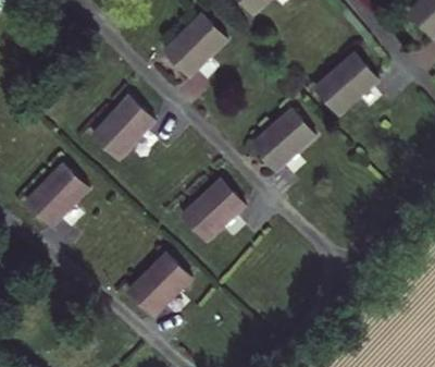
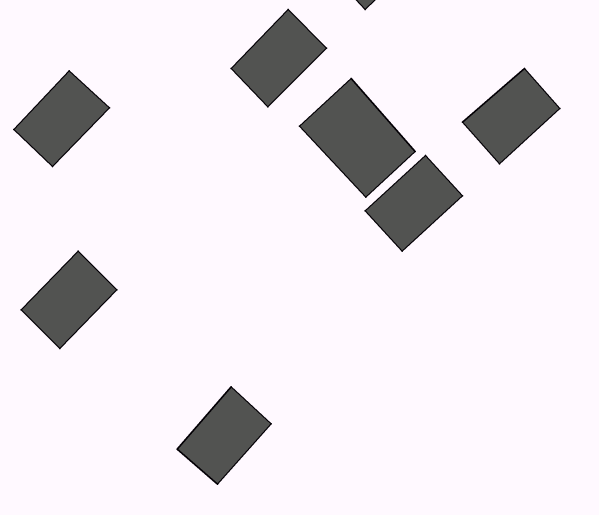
building: none -> [299,78,415,197]
building: [94,100,156,162] -> [14,71,110,166]
building: [183,184,245,245] -> none

